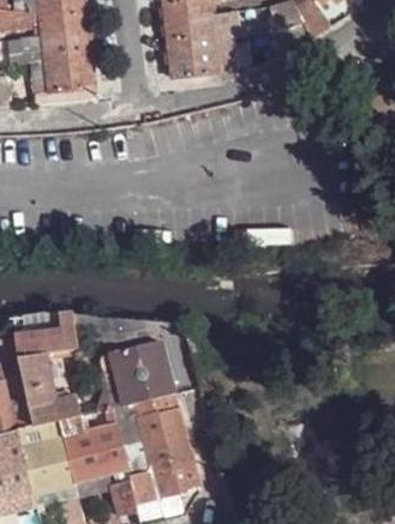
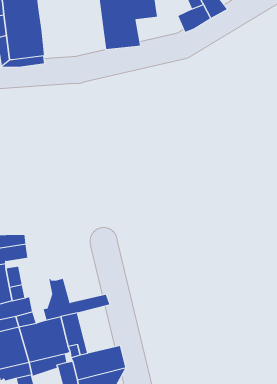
building: [97,339,173,403] -> none
building: [136,405,191,468] -> none

